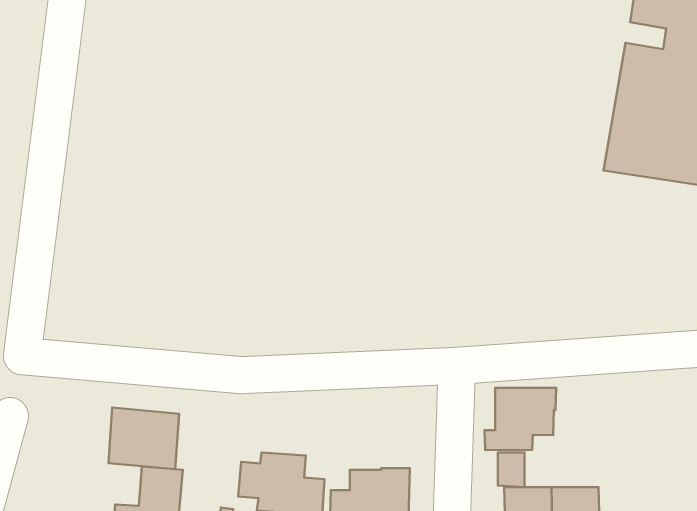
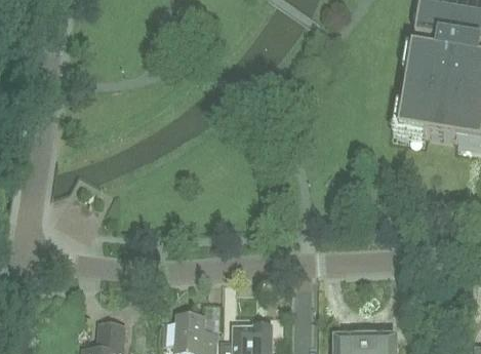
building: [484,388,556,450] -> none
building: [108,408,179,469] -> none

